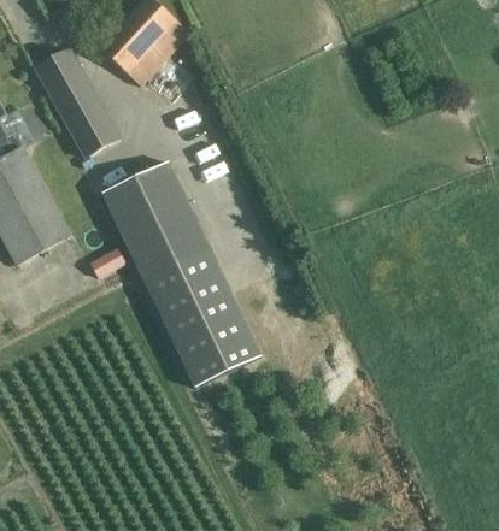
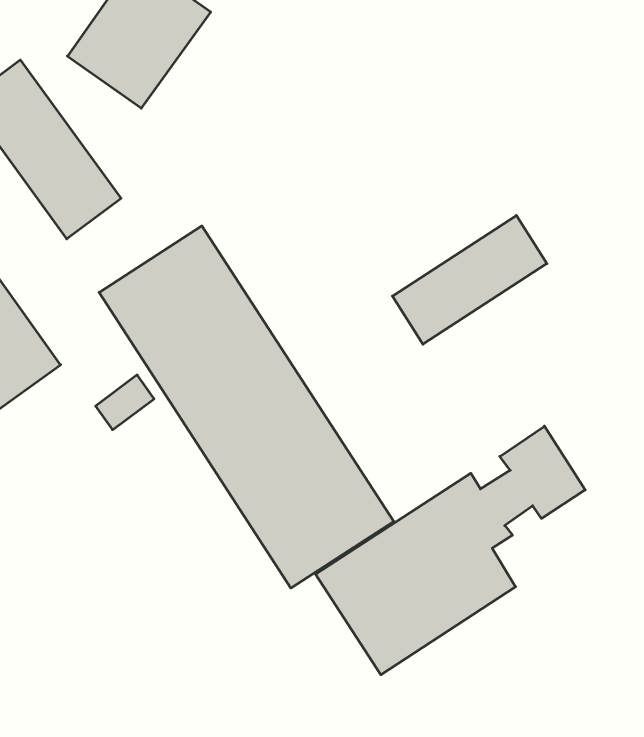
building: none -> [392,215,547,344]
building: none -> [316,426,585,675]

